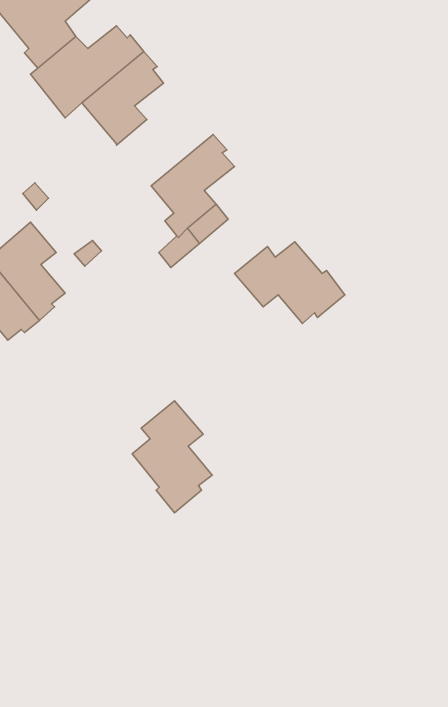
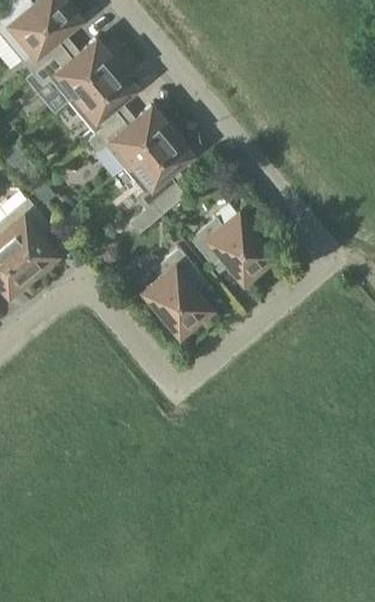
building: none -> [90,107,175,169]
building: [132,401,212,513] -> [147,249,211,338]

